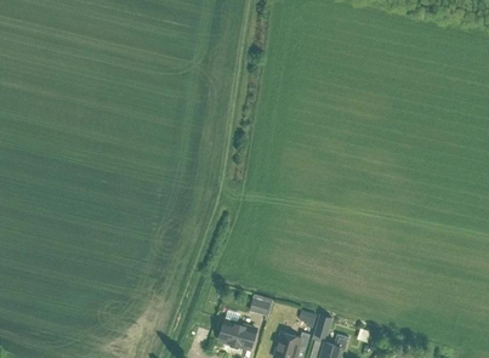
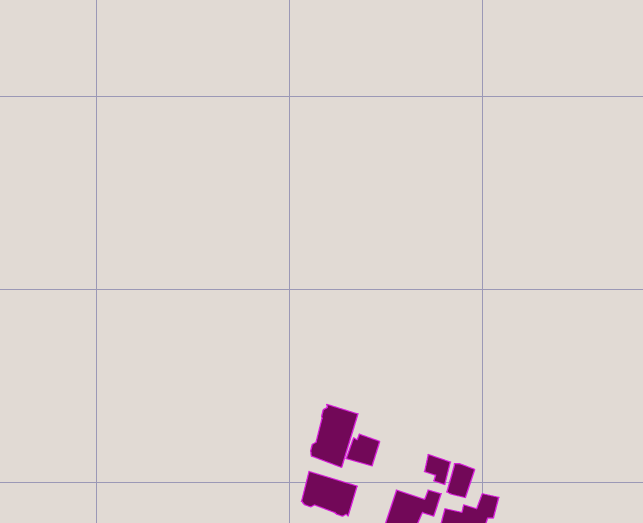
building: none -> [311,404,358,467]

